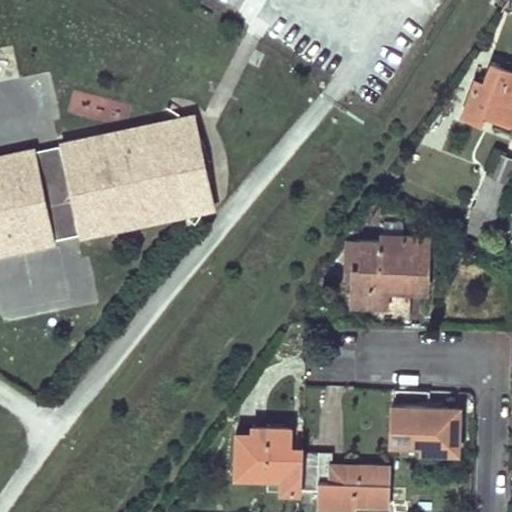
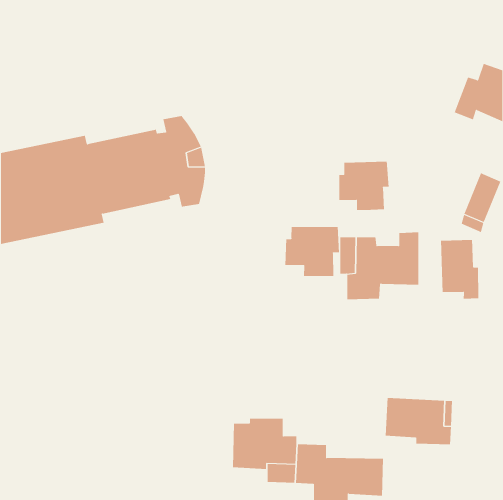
building: none -> [339,161,389,211]
building: none -> [285,226,340,277]
building: none -> [441,239,479,299]

